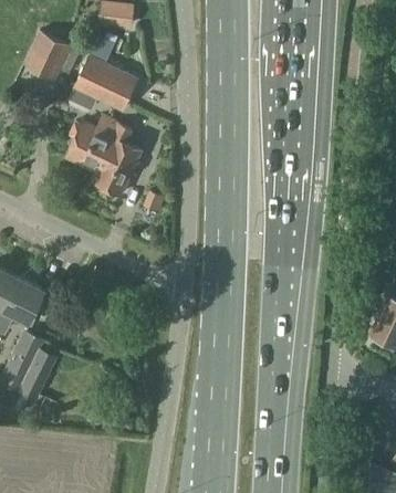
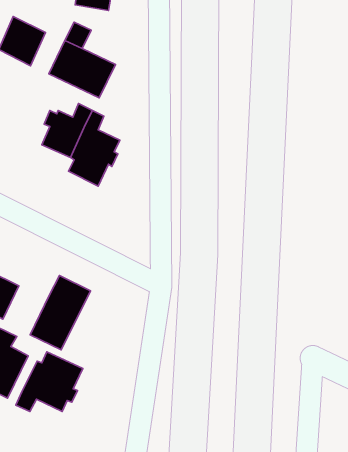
building: none -> [30,275,91,350]
building: none -> [16,352,83,412]

